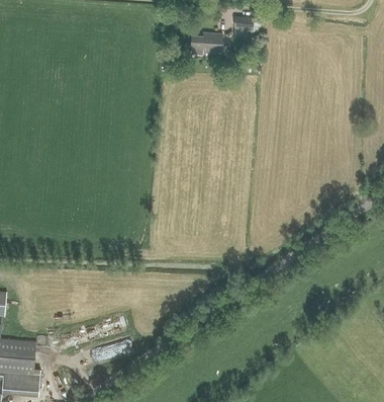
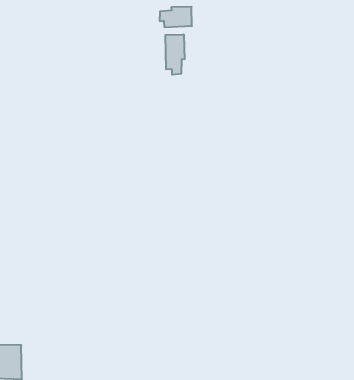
building: none -> [165,34,184,75]

